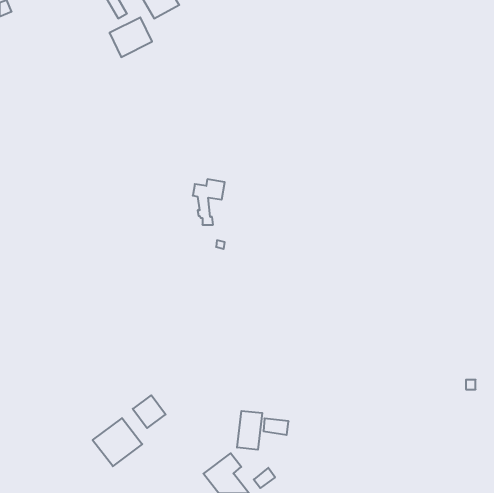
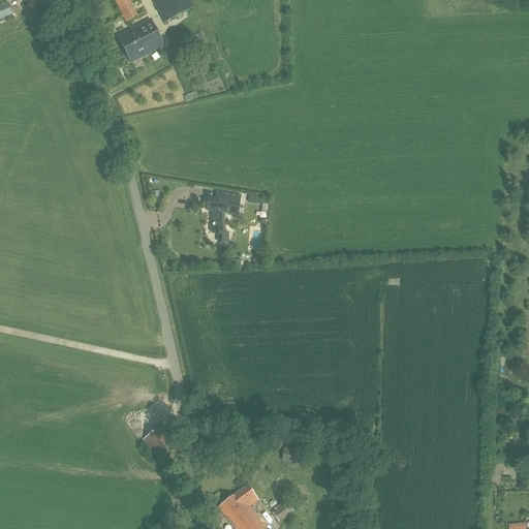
building: [237,411,262,450] -> none
building: [93,418,142,466] -> none

